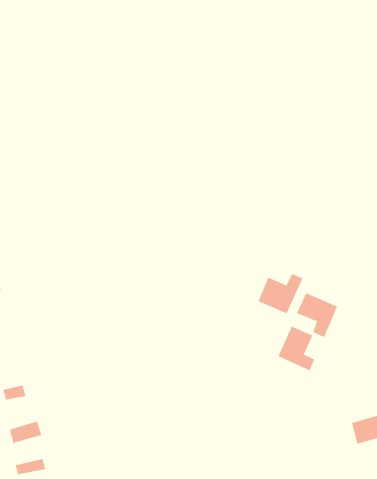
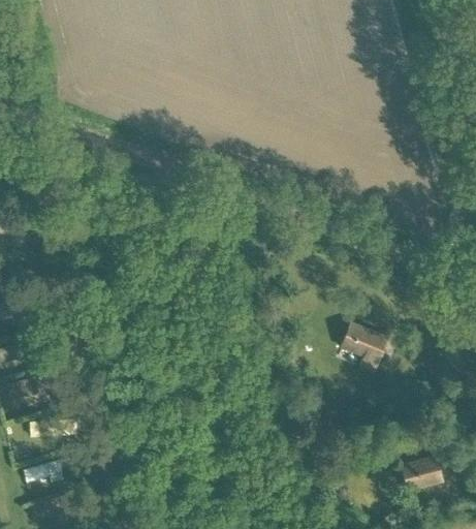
building: [258,273,303,314] -> none
building: [278,326,315,371] -> none

